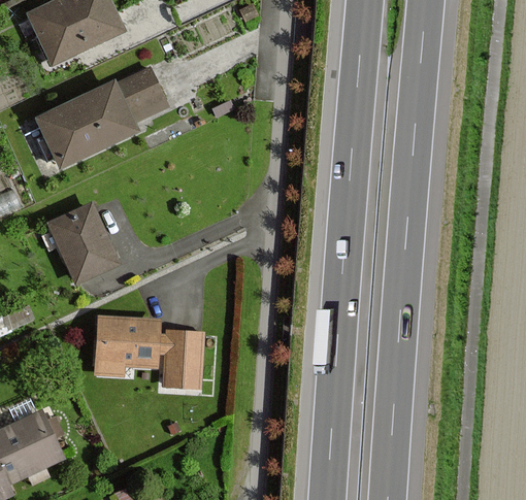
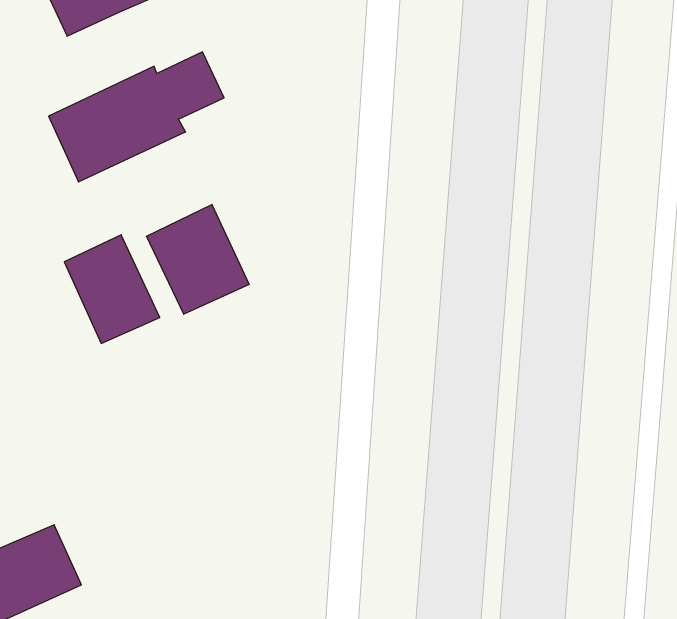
building: none -> [147,204,249,314]
building: [97,318,202,387] -> none

